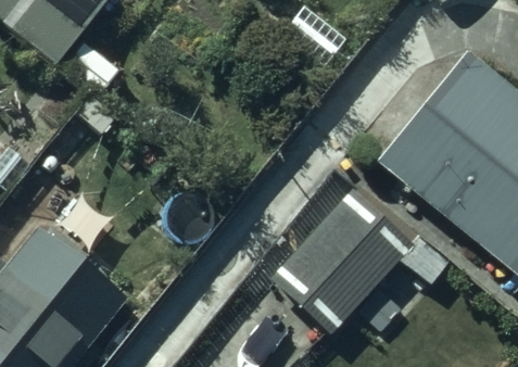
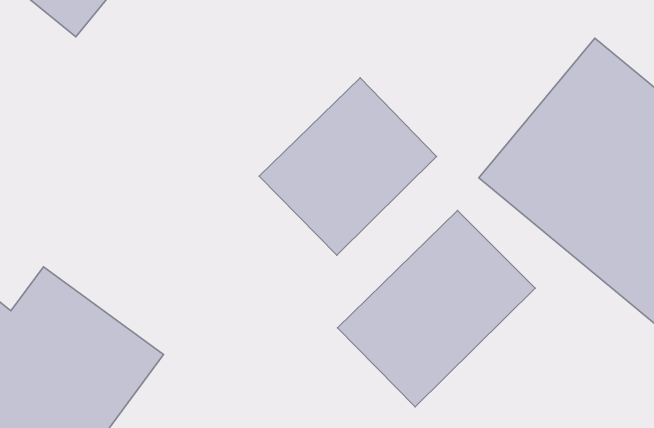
building: none -> [259,78,437,255]

